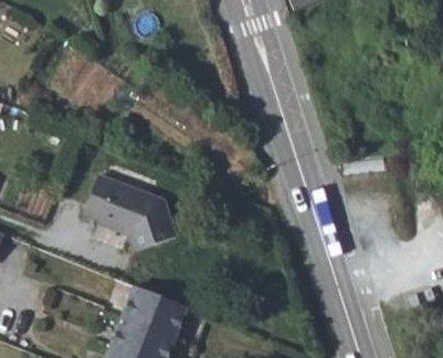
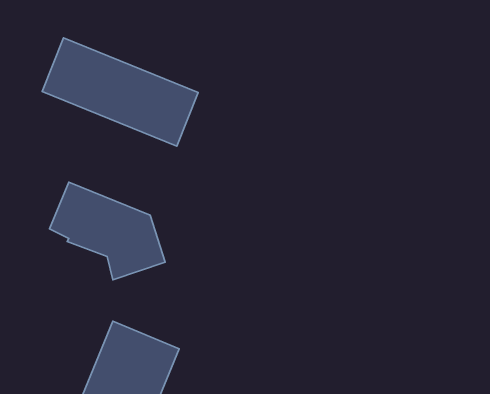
building: none -> [42,38,198,146]

